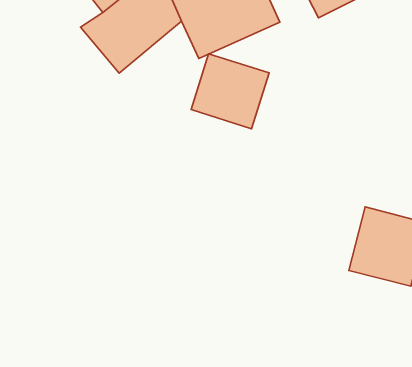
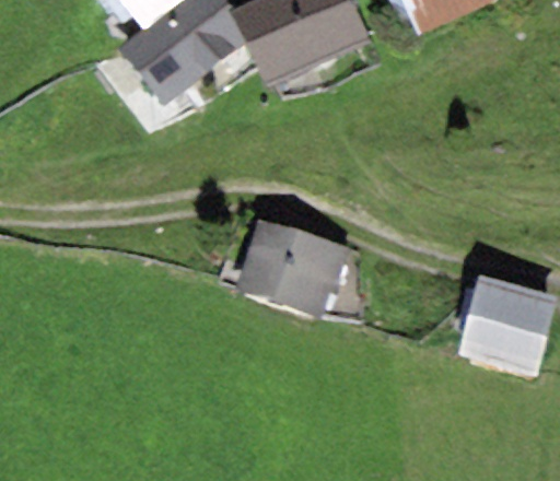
building: [191,54,269,129] -> none
building: none -> [234,219,348,318]

